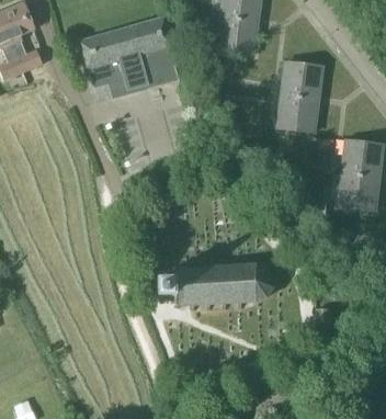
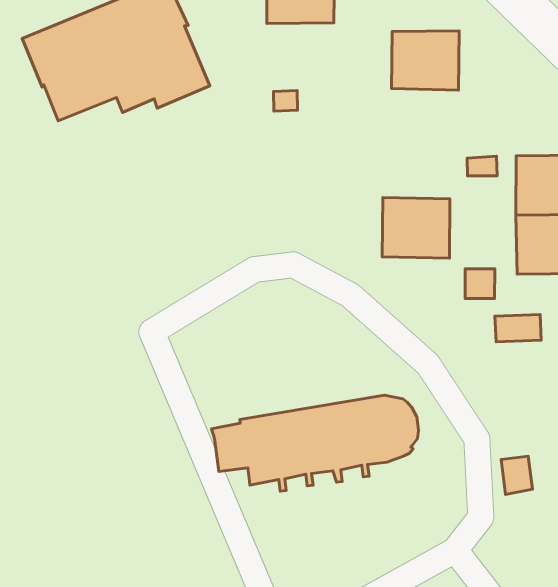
building: [276,93,318,132] -> [382,197,450,258]

